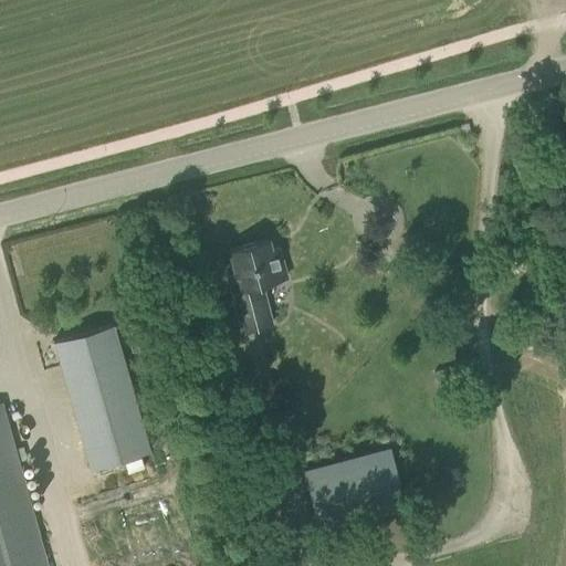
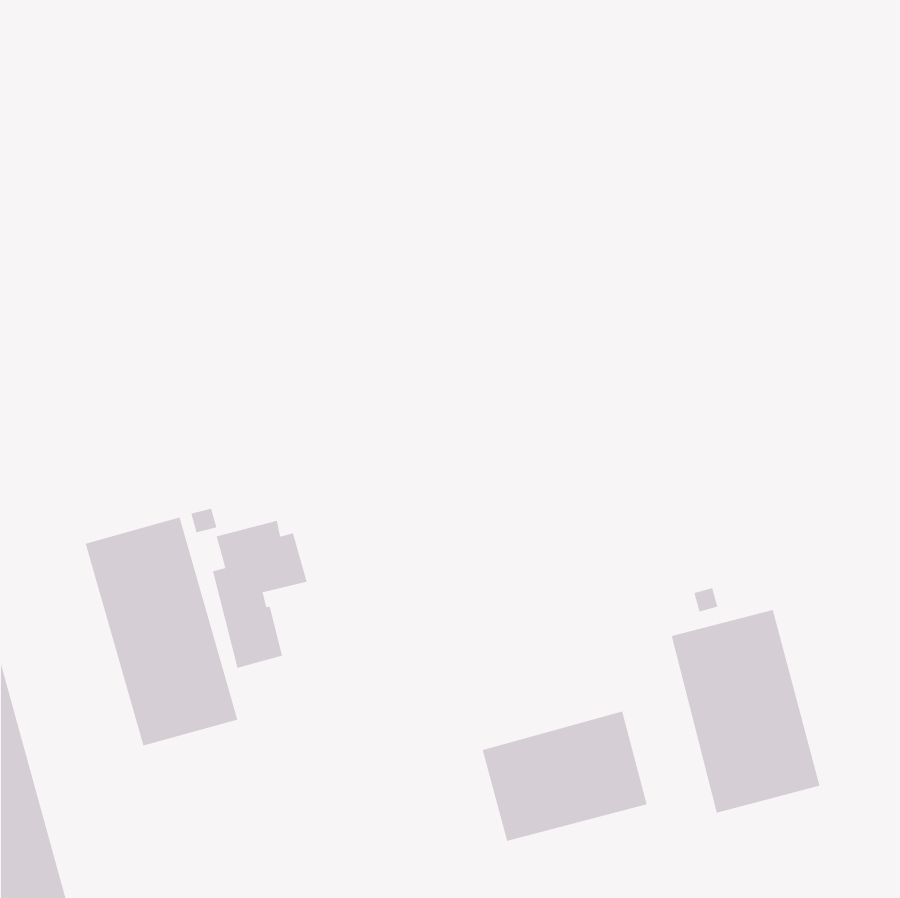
building: [228,241,287,334] -> [212,520,307,668]
building: none -> [671,609,820,814]

